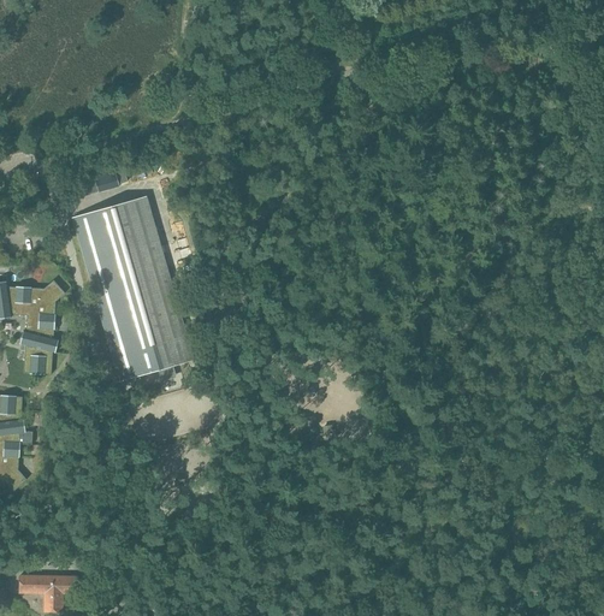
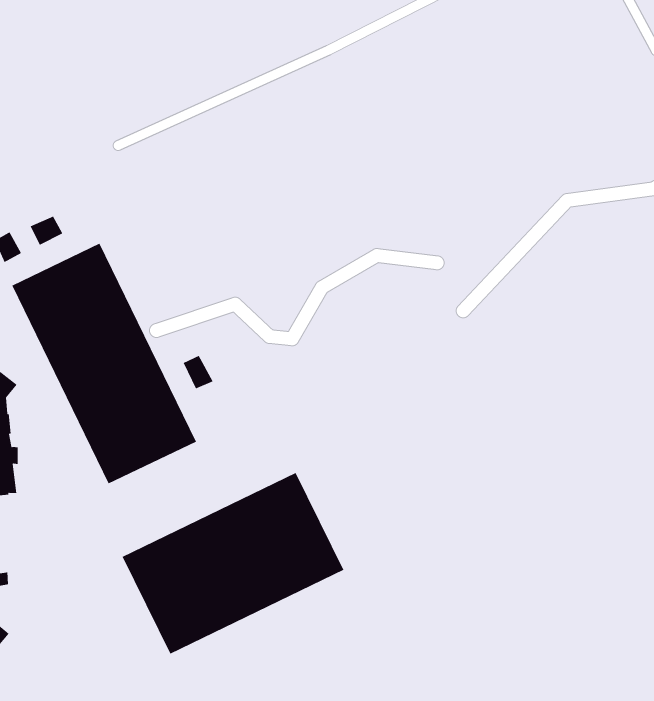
building: none -> [122,472,344,655]

